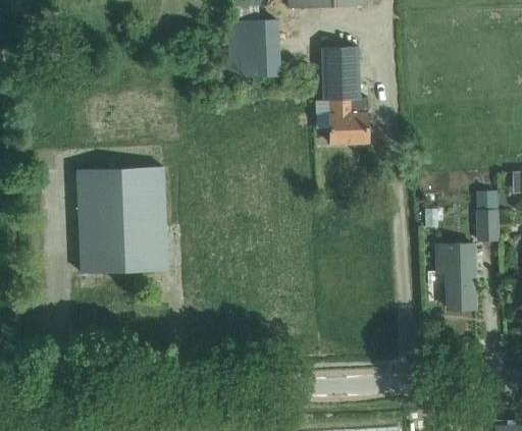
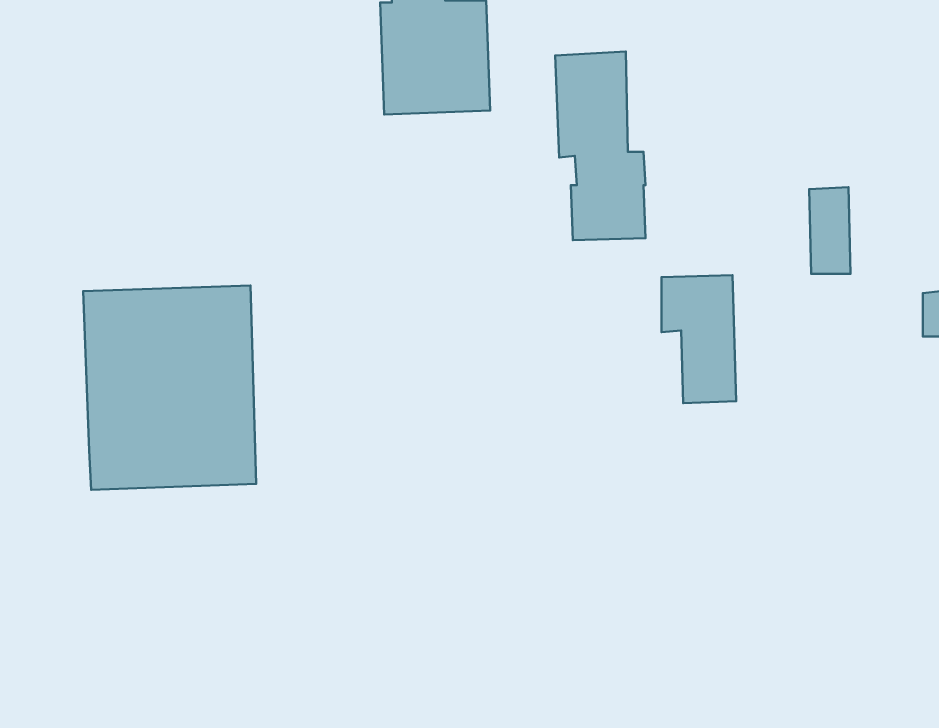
building: [476,194,498,238] -> [809,187,851,274]
building: [436,243,475,309] -> [662,275,736,403]

